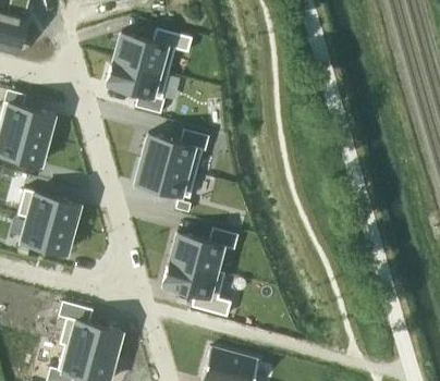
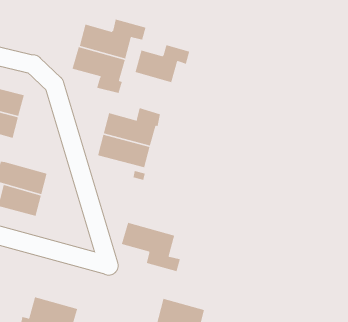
building: none -> [135,44,190,83]
building: [171,228,239,274] -> none
building: [59,302,121,358] -> none

